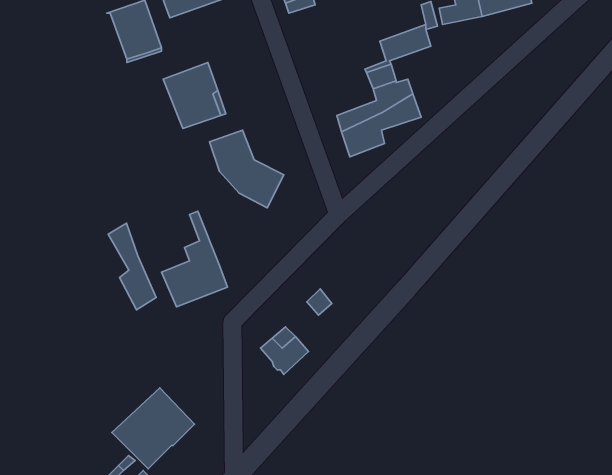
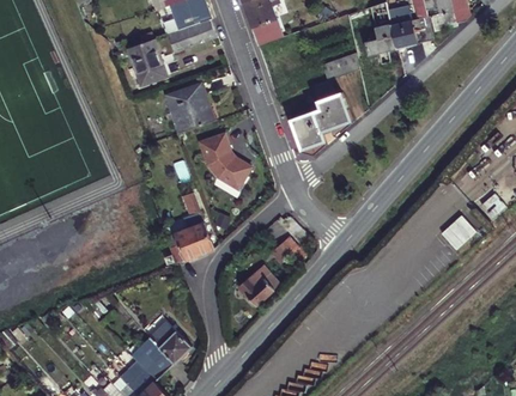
building: [108,223,156,310] -> none
building: none -> [442,219,478,254]

